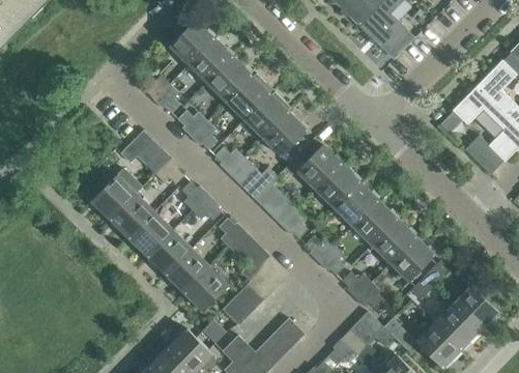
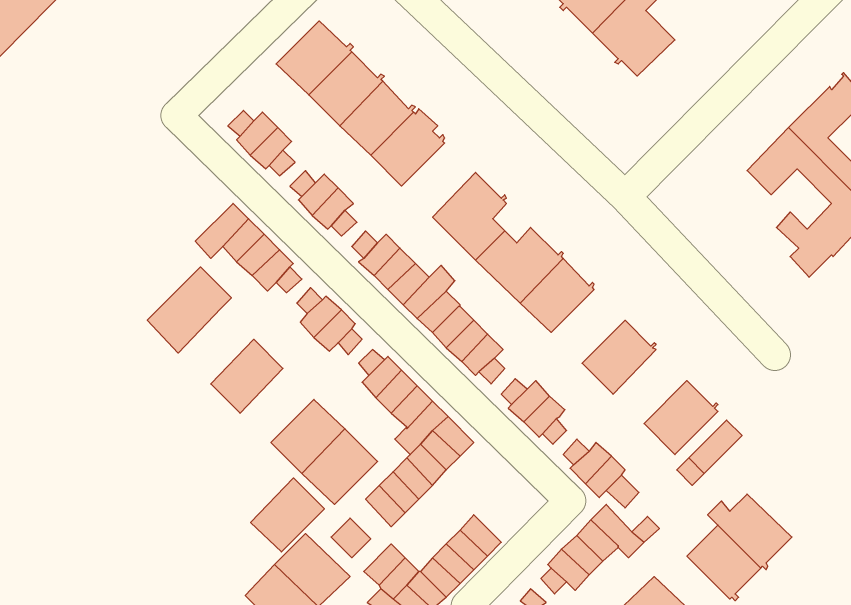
building: [244,91,289,138] -> none
building: [335,181,379,226] -> none
building: [110,193,155,238] -> none
building: [372,218,416,262] -> none
building: [147,229,192,274] -> [251,478,324,552]
building: [453,285,498,332] -> none

